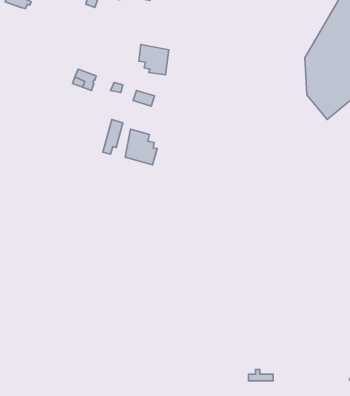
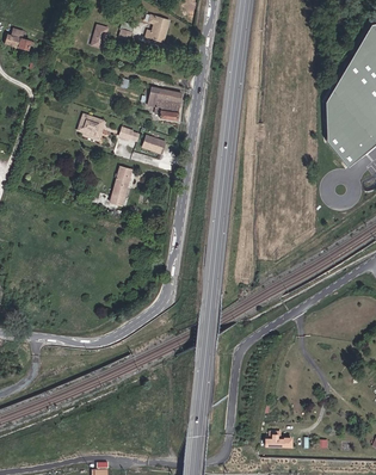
building: [125,129,157,165] -> none

